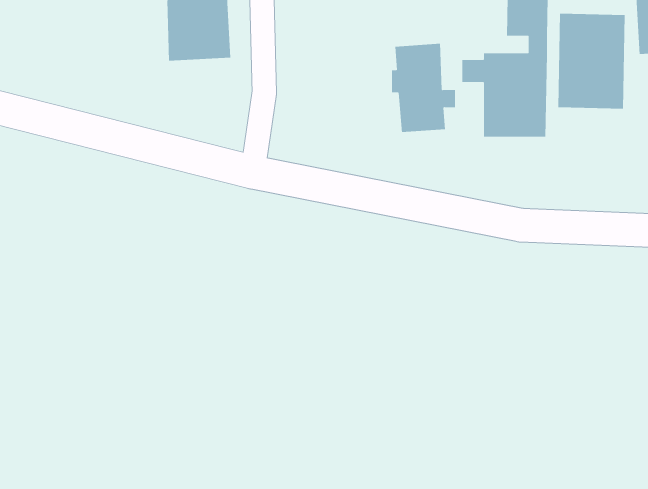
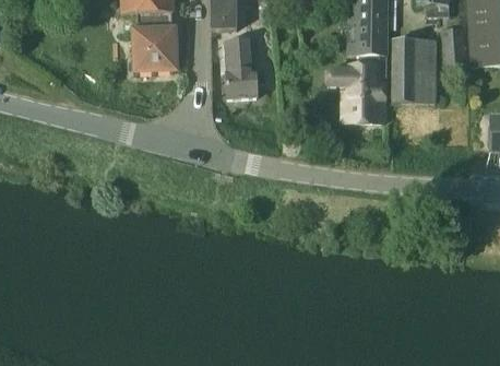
building: [391,43,456,133] -> [221,37,263,96]

